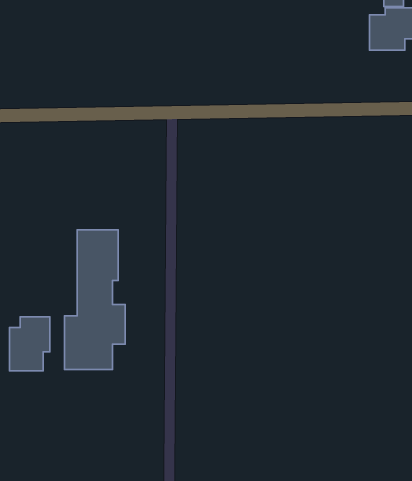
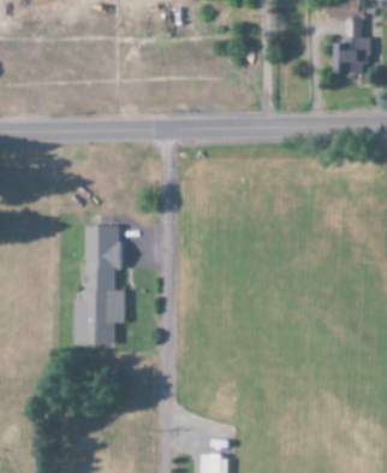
building: [9,317,50,371] -> none

